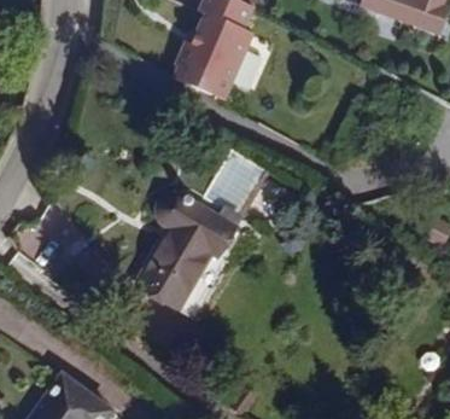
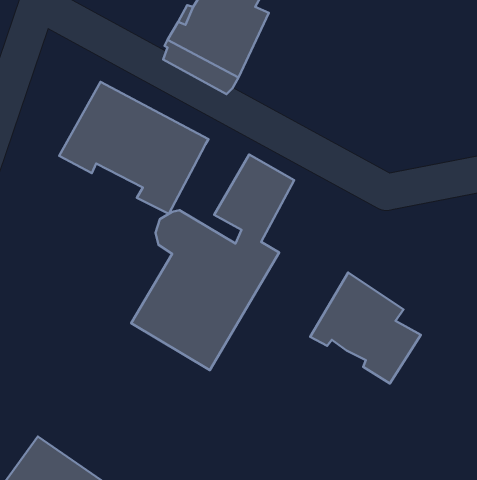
building: none -> [59,82,208,214]
building: none -> [310,273,421,383]

